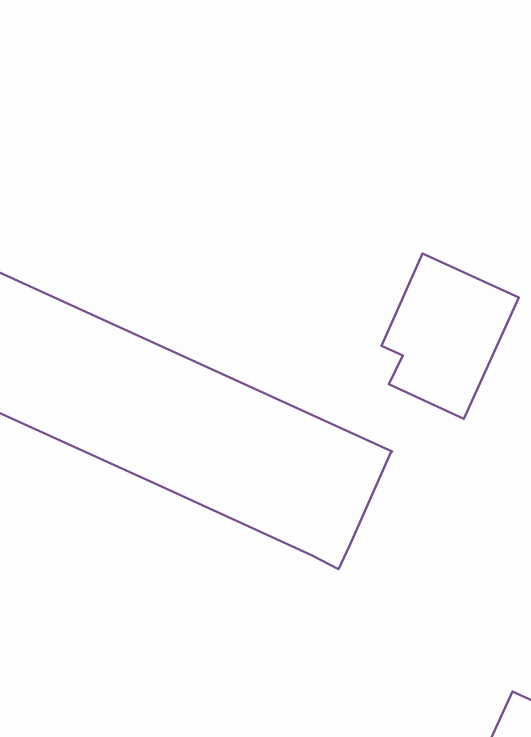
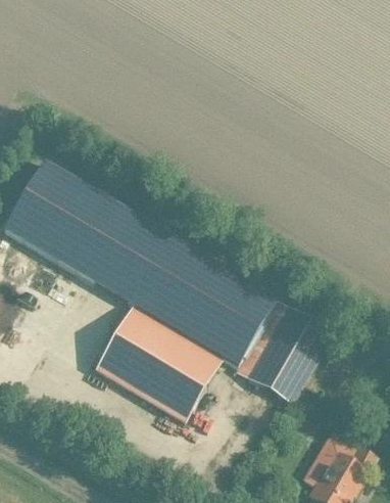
building: [381,253,519,419] -> [245,300,331,402]
building: none -> [95,304,222,420]

